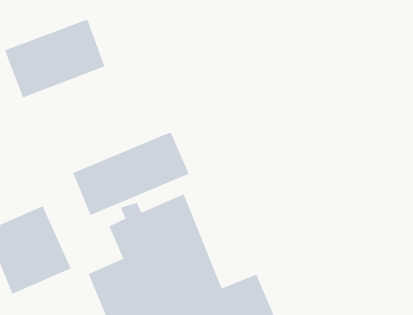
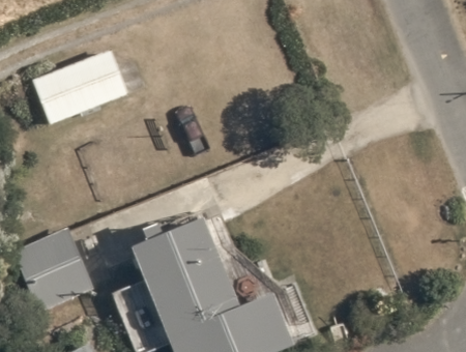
building: [73,132,190,216] -> none

